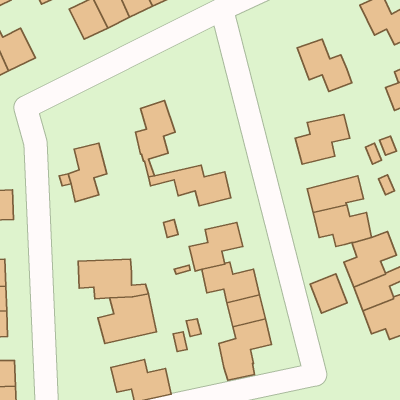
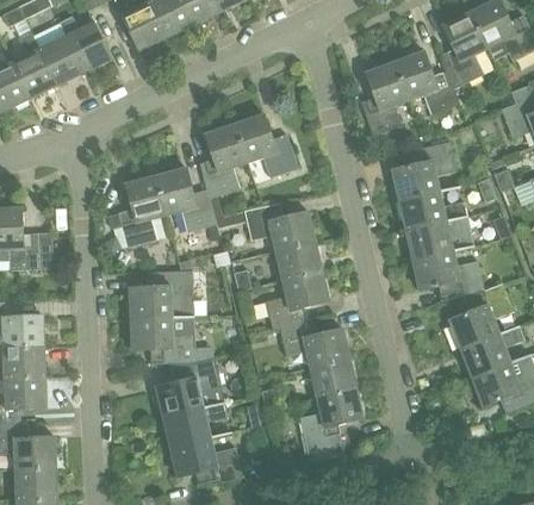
building: none -> [440,11,486,87]
building: none -> [61,21,110,74]
building: none -> [360,62,408,136]
building: none -> [234,114,296,177]
building: none -> [155,168,218,239]
building: none -> [399,192,466,231]
building: none -> [275,242,321,280]
building: none -> [129,269,193,318]
building: [310,274,347,313] -> none
building: none -> [162,403,228,445]

